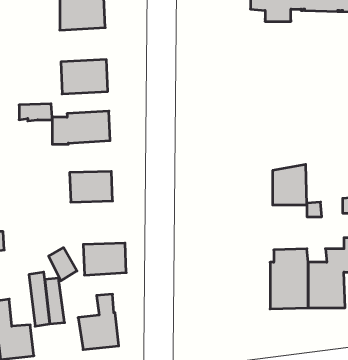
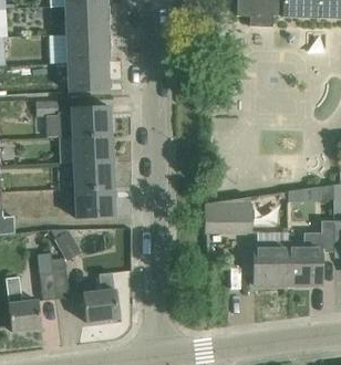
building: none -> [65,32,107,63]
building: none -> [73,134,112,163]
building: [273,164,307,205] -> [220,196,251,232]
building: [83,243,126,275] -> [75,188,114,217]

